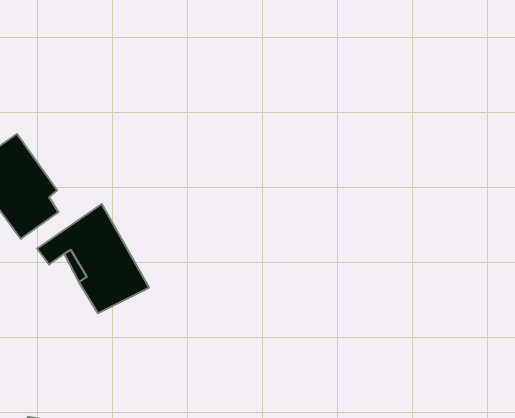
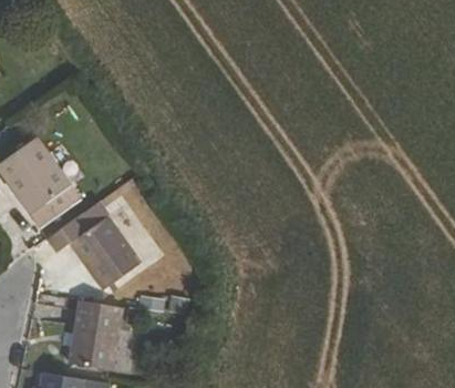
building: none -> [71,299,122,368]

